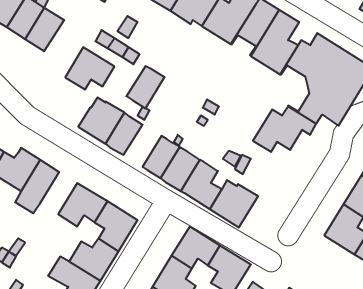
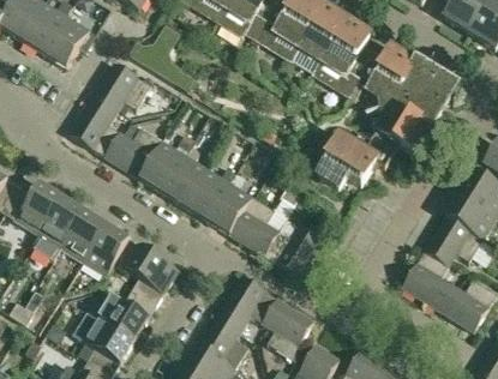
building: [126,66,165,108] -> [163,154,209,204]
building: none -> [71,97,124,156]
building: none -> [64,210,108,260]

